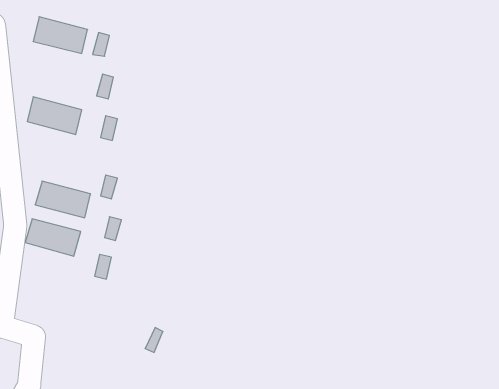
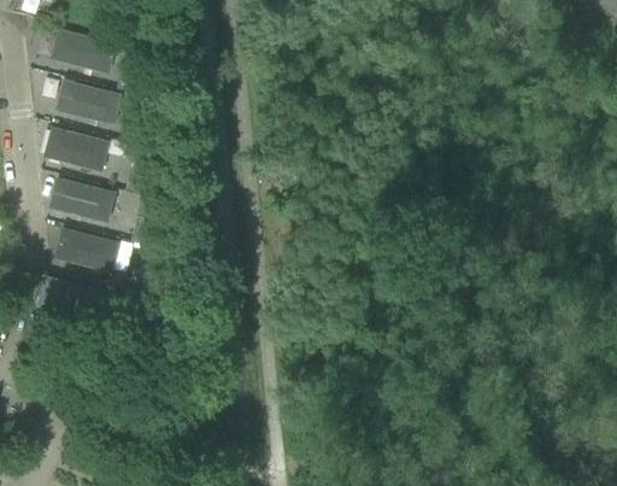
building: none -> [54,78,122,124]
building: none -> [48,176,114,222]

